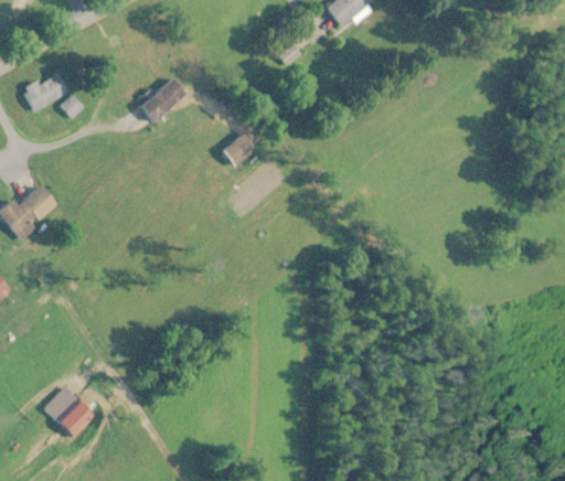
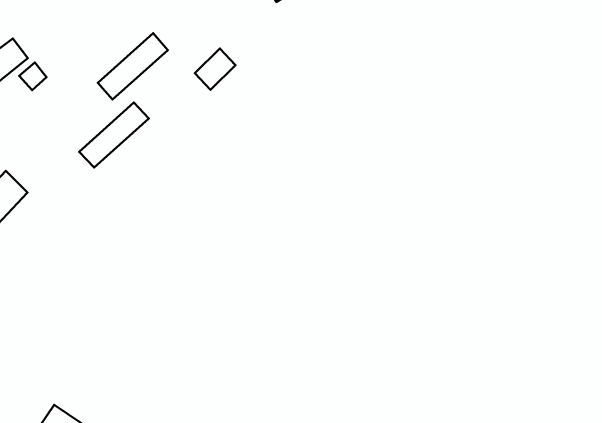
building: [222,133,257,168] -> [195,49,236,90]
building: none -> [79,103,149,168]

